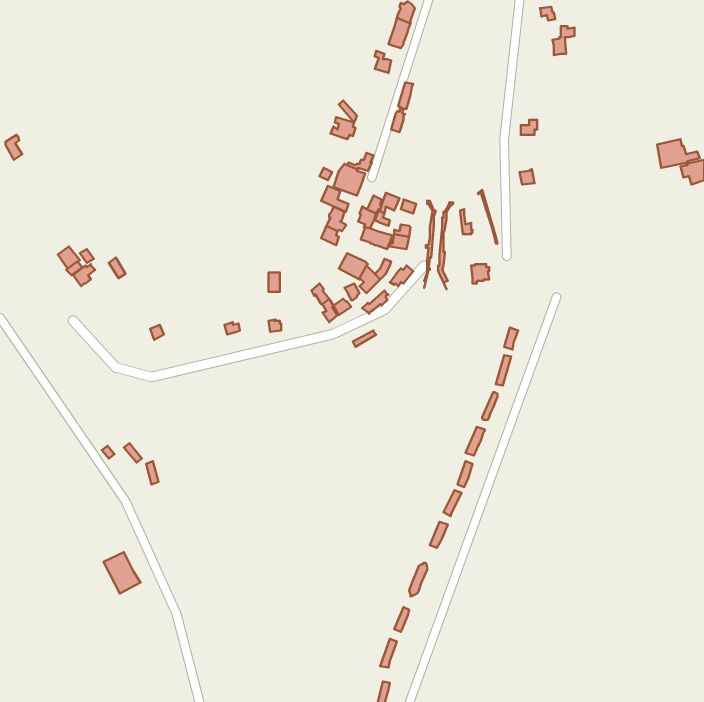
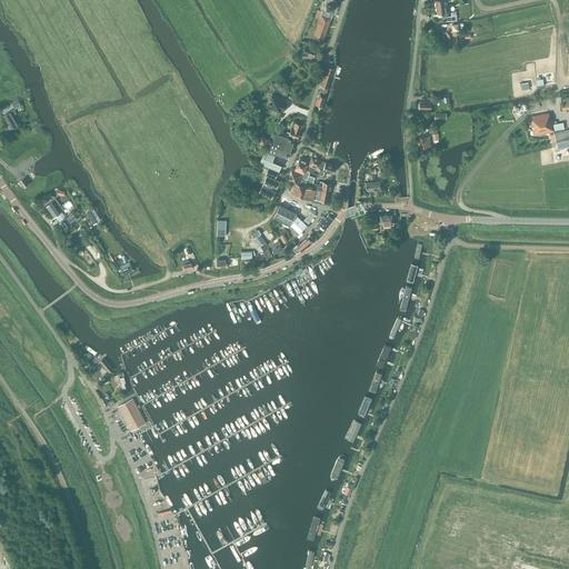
building: [103,552,141,594] -> [117,399,147,432]

